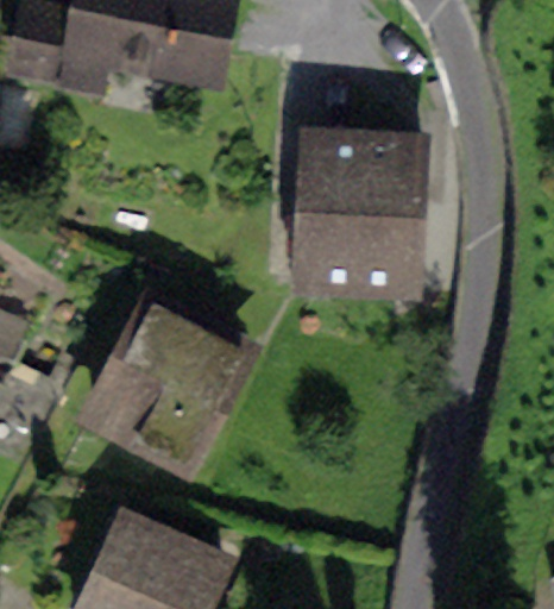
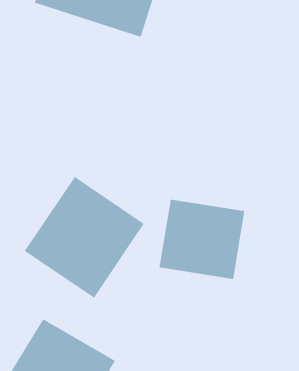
building: [294,152,428,284] -> none
building: none -> [159,199,245,280]

